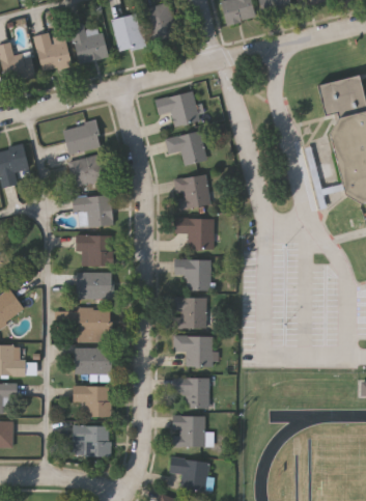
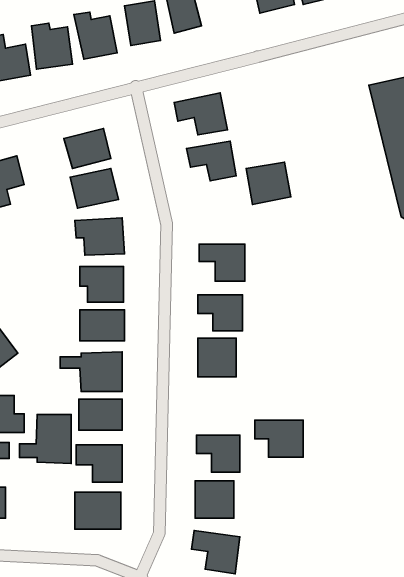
building: [174,174,212,210] -> [246,162,291,204]
building: [174,336,215,367] -> [255,420,303,457]
building: none -> [20,415,71,464]

